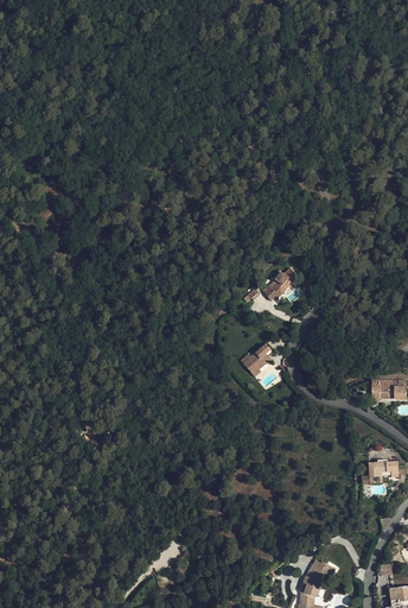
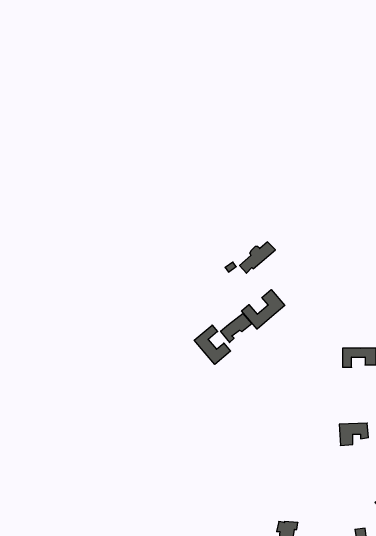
building: none -> [242,290,285,329]
building: none -> [194,325,231,364]

